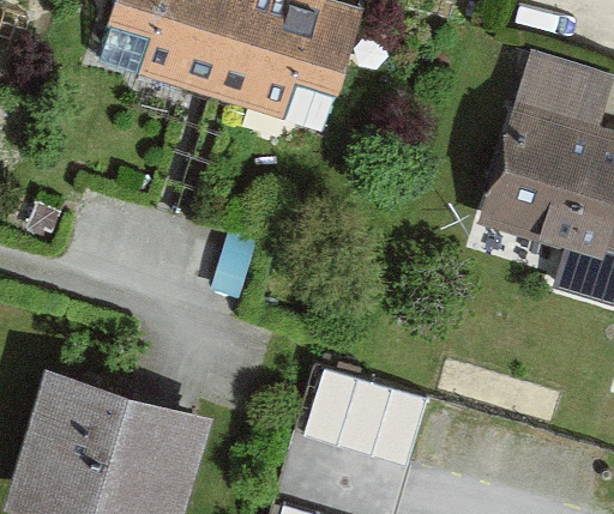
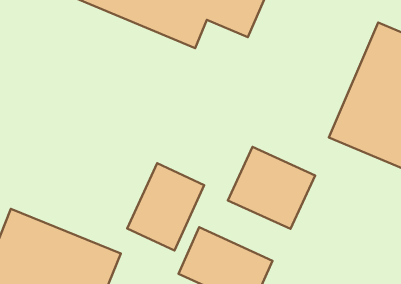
building: none -> [228,147,315,229]
building: none -> [127,163,204,250]

